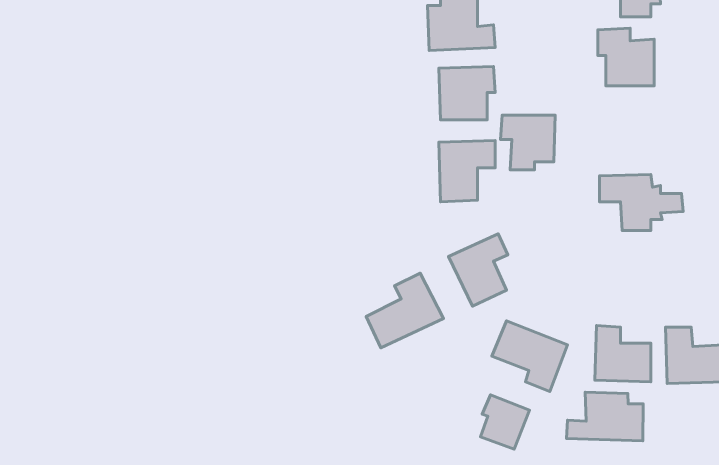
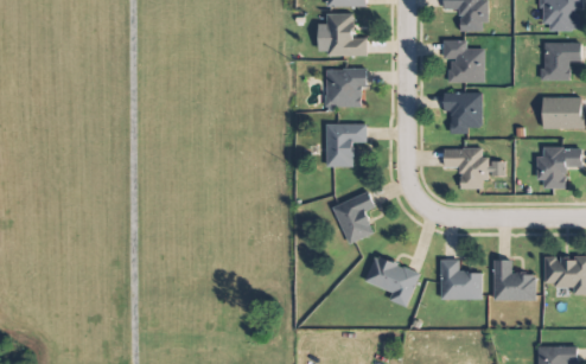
building: [501,115,555,170] -> [442,92,483,133]
building: [366,273,443,348] -> none
building: [566,392,643,441] -> none
building: [480,395,529,449] -> none

